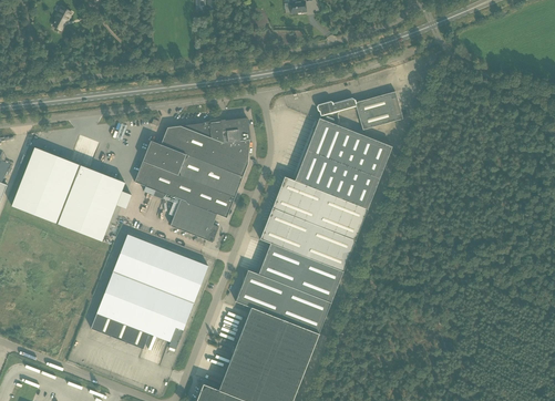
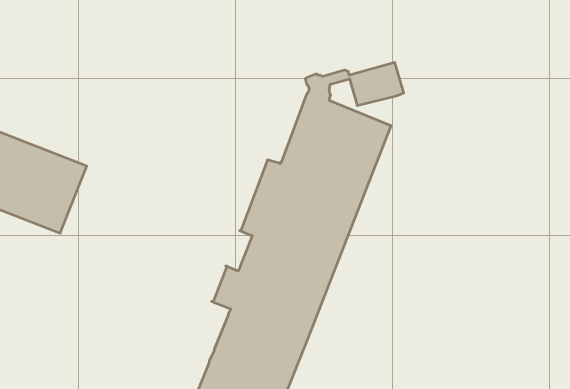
building: [142,119,249,243] -> none
building: [91,235,208,349] -> none

